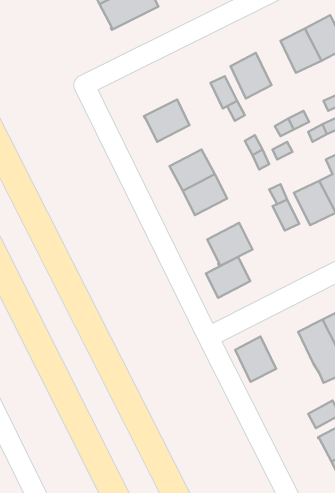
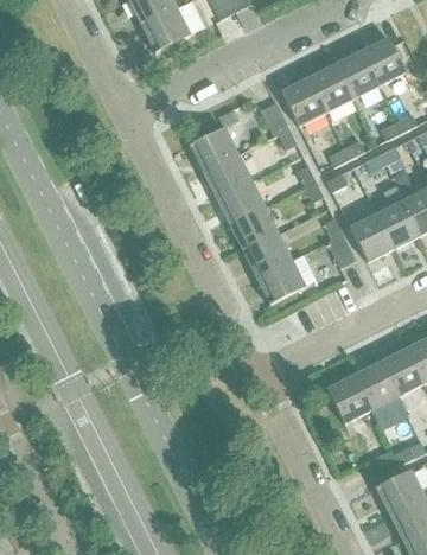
building: none -> [308,64,351,111]
building: none -> [203,154,250,198]
building: [206,257,250,298] -> [243,232,291,276]
building: [235,336,276,382] -> [326,375,370,423]

